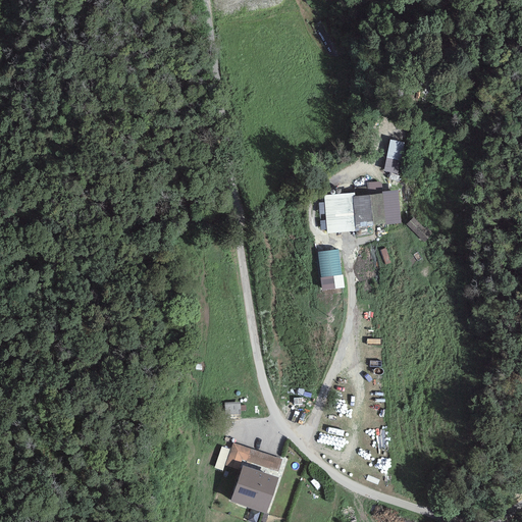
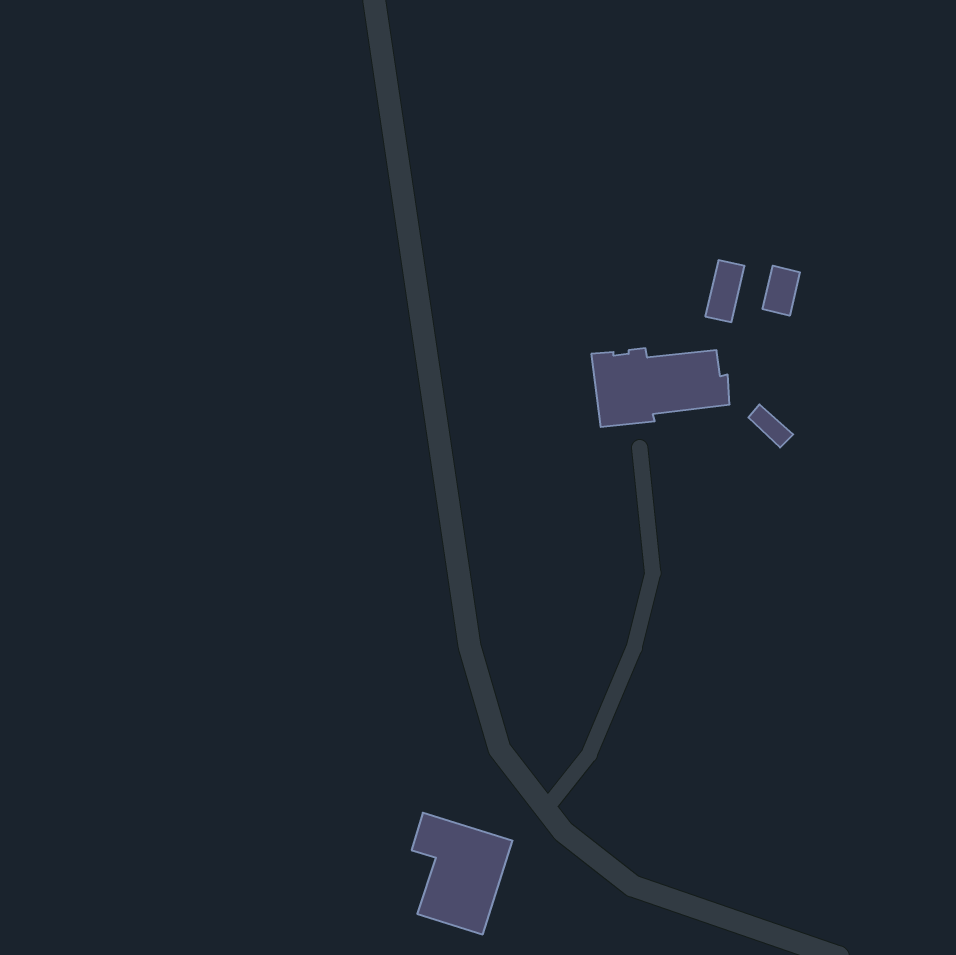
building: none -> [763,266,800,316]
building: [320,252,344,292] -> none

